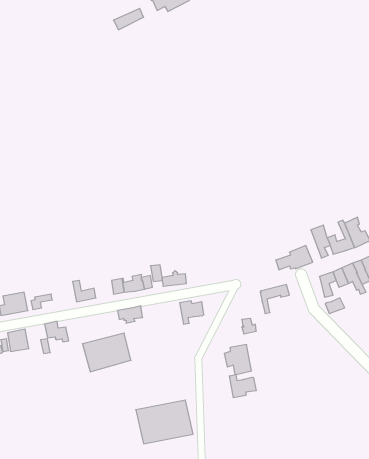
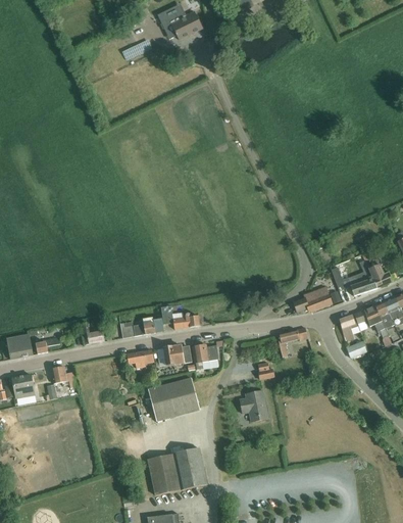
building: none -> [163,345,192,366]
building: [82,333,131,372] -> [148,378,199,419]
building: [230,375,256,398] -> none

